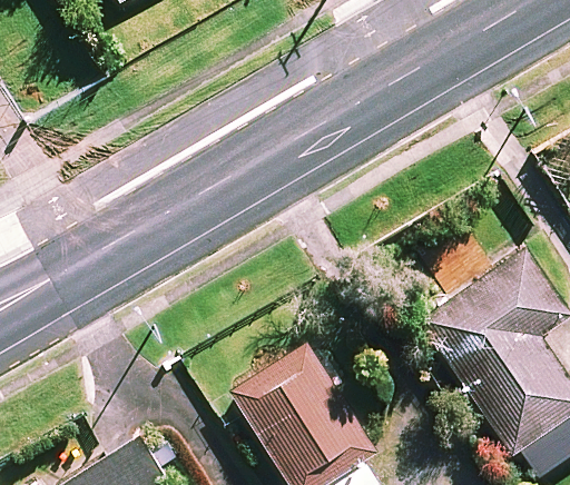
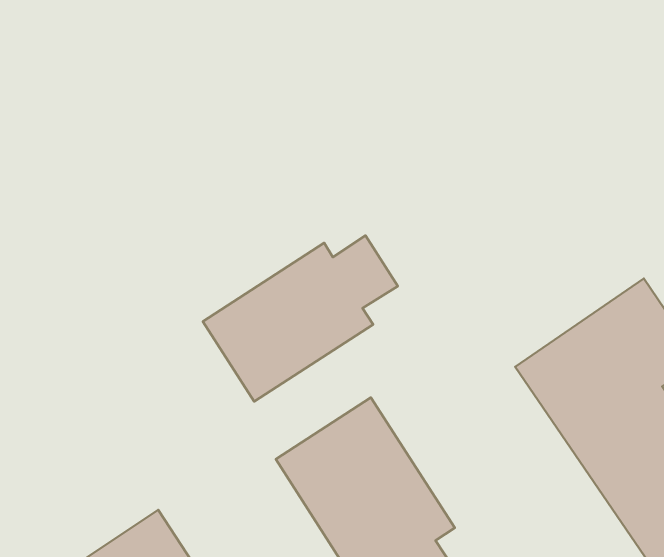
building: none -> [203,235,398,402]

